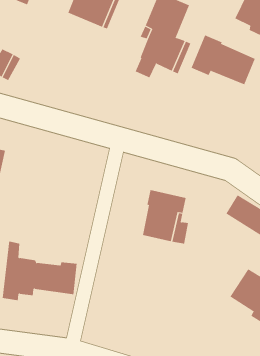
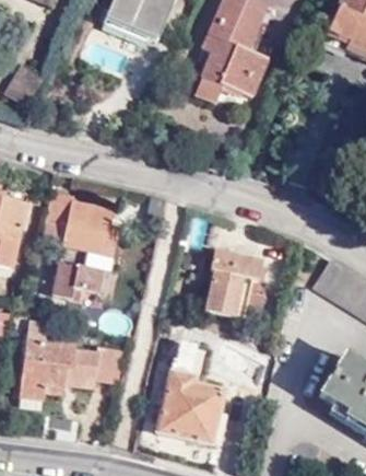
building: [191,34,255,85] -> none
building: none -> [42,194,115,298]
building: none -> [152,341,223,441]

